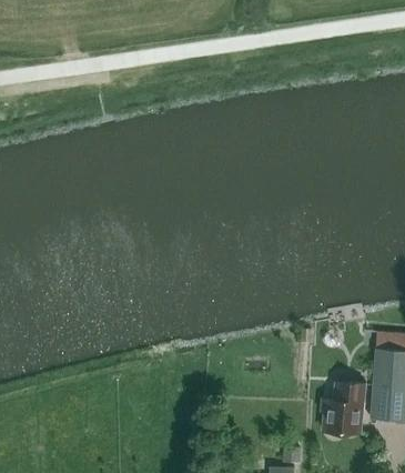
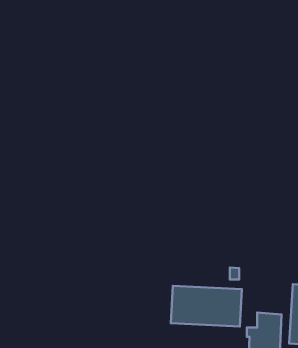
building: none -> [171,286,242,326]

